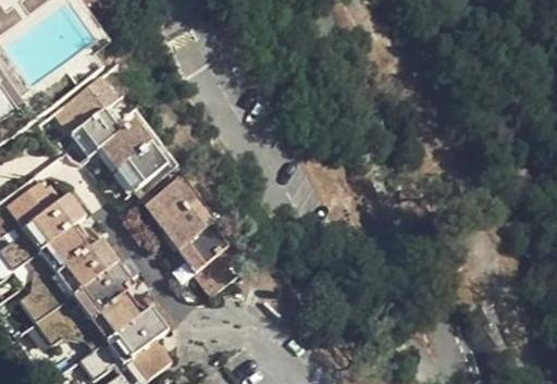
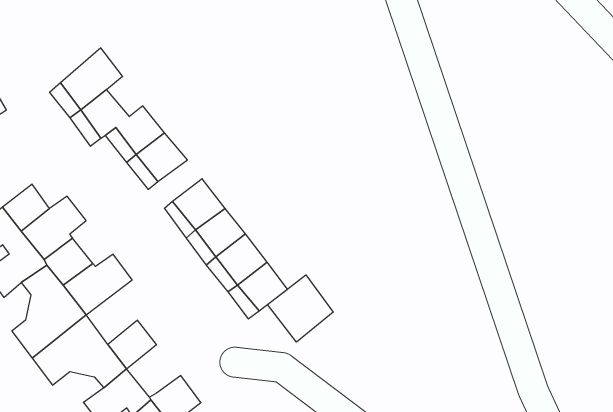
building: [81,260,141,318] -> none
building: none -> [268,275,333,342]
building: [113,311,169,360] -> none

